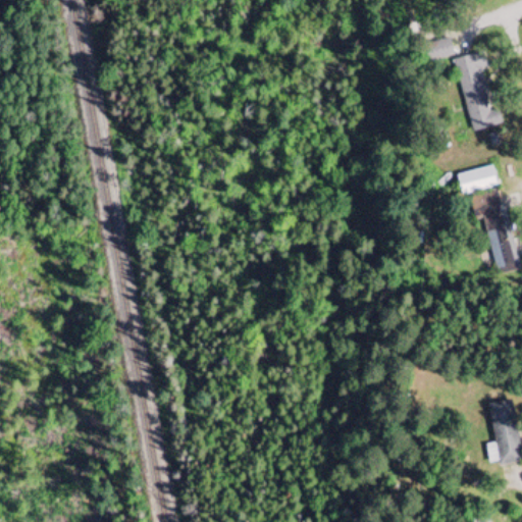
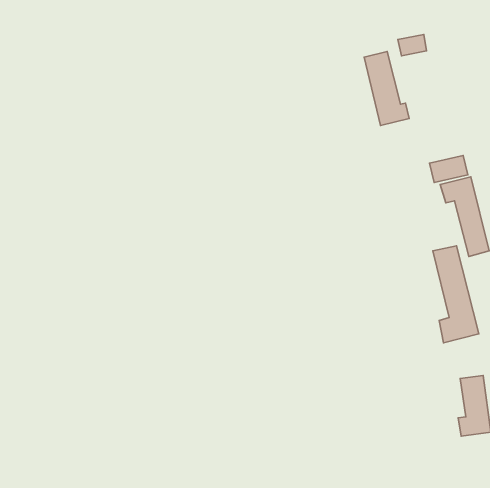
building: [455,52,503,130] -> [364,51,409,125]
building: none -> [433,246,479,343]

